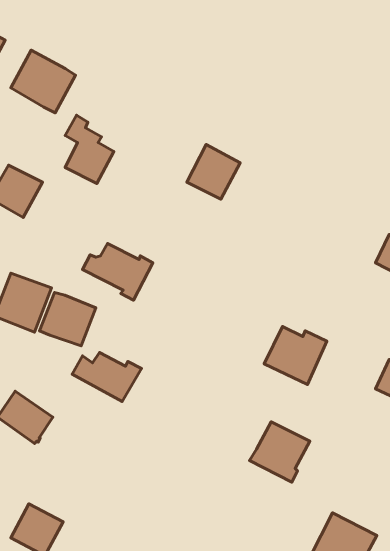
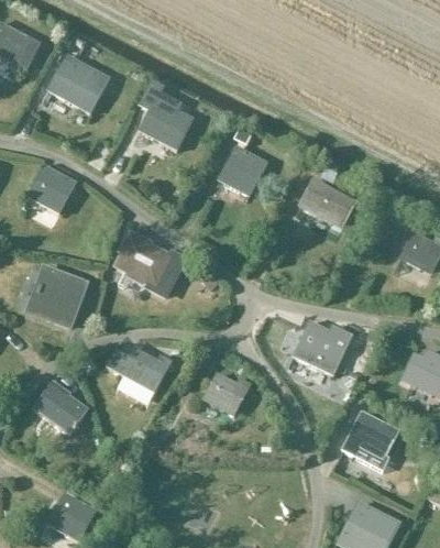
building: [65,115,114,183] -> [139,80,186,146]
building: none -> [290,178,356,241]
building: [40,292,96,346] -> none
building: none -> [201,372,250,416]
building: [250,422,310,482] -> [341,412,399,470]

